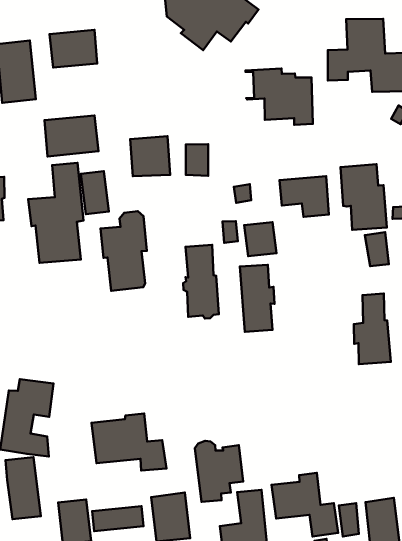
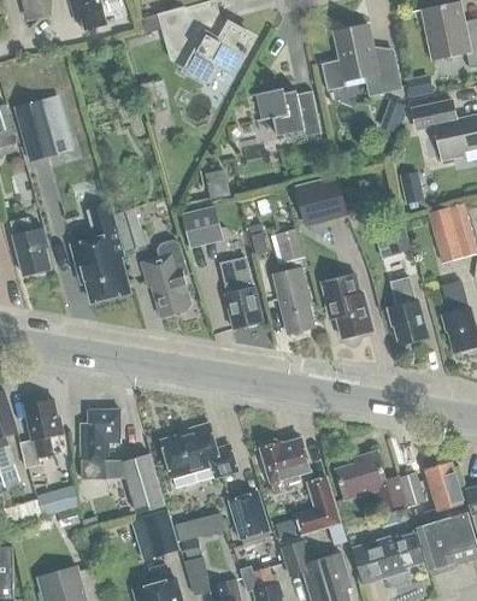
building: [49,30,97,67] -> none
building: [45,115,99,157] -> none
building: [130,136,170,176] -> [182,206,224,248]
building: [340,164,387,230] -> [320,275,372,338]
building: [5,457,41,519] -> [123,453,164,513]

